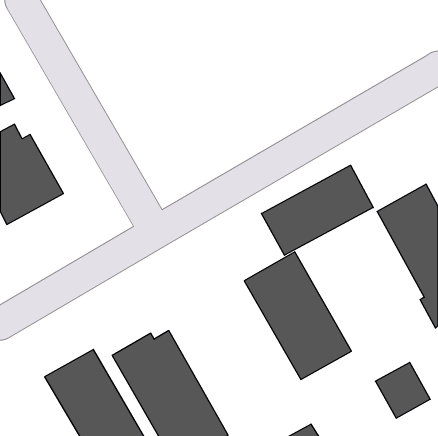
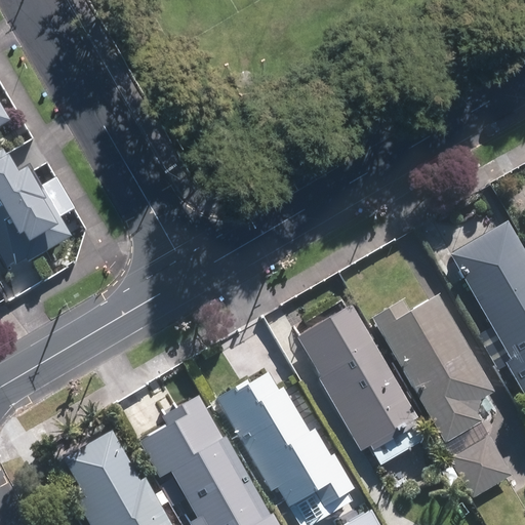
building: [261,165,373,255] -> none
building: none -> [374,298,495,444]
building: none -> [219,373,356,510]

